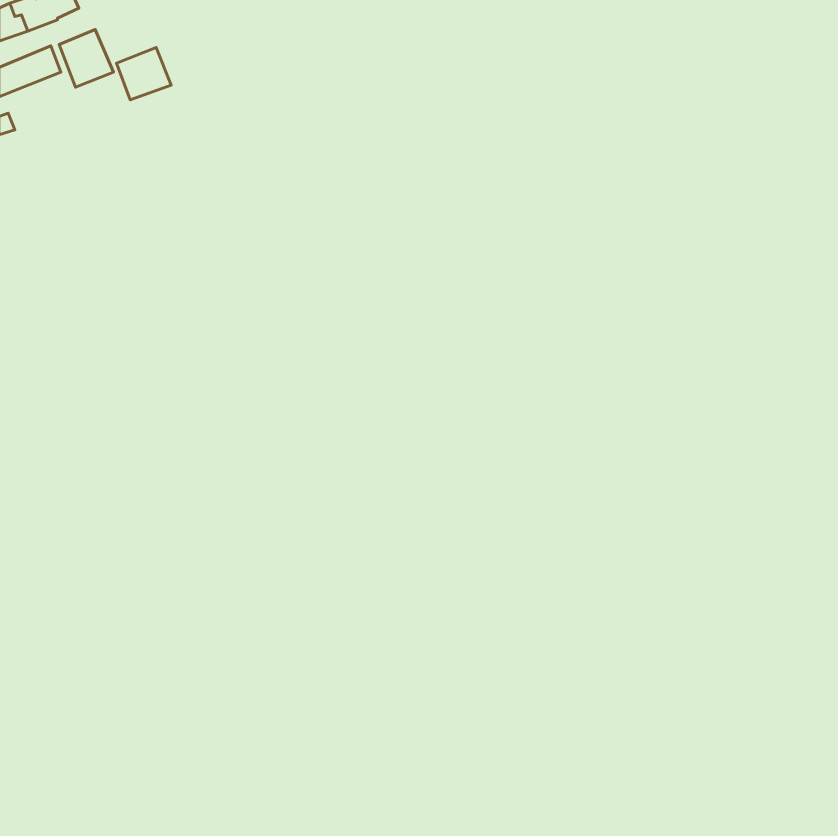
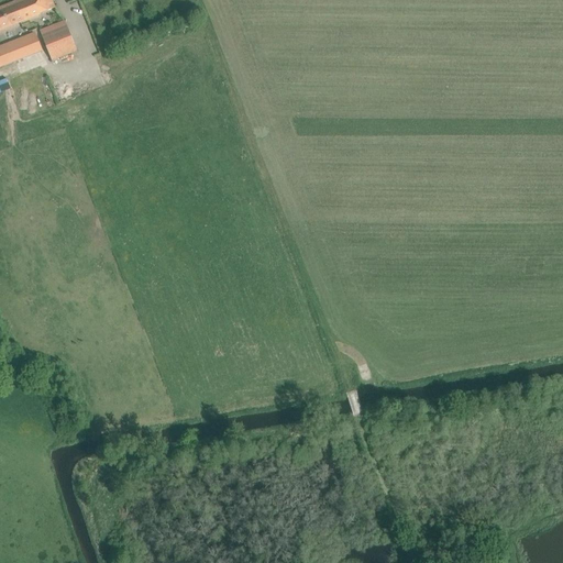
building: [117,48,171,100] -> none

